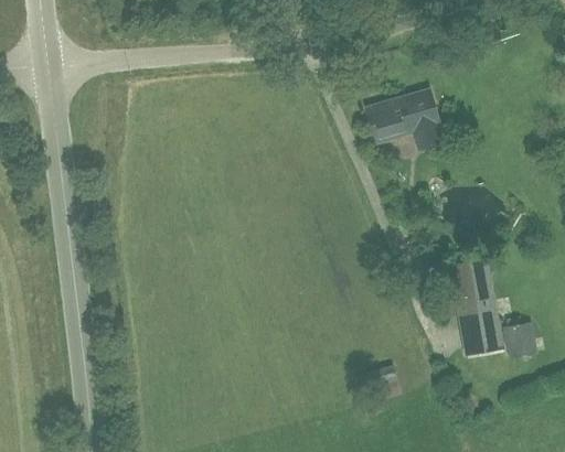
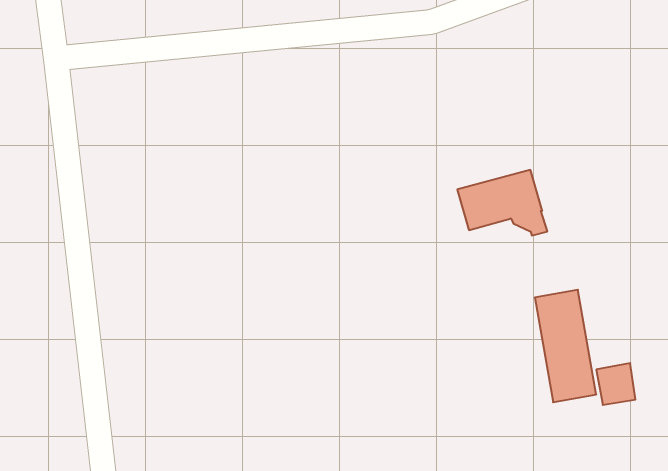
building: [367,88,444,143] -> [457,170,547,235]

